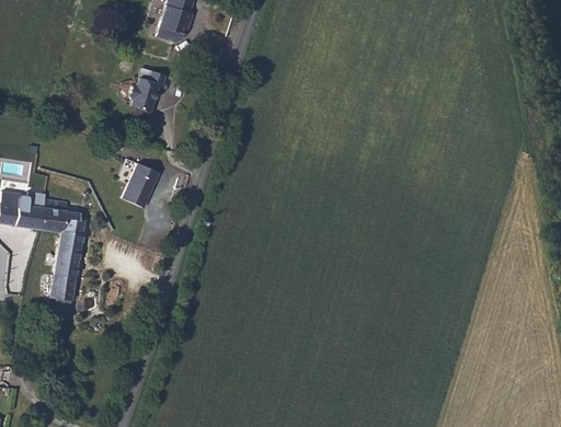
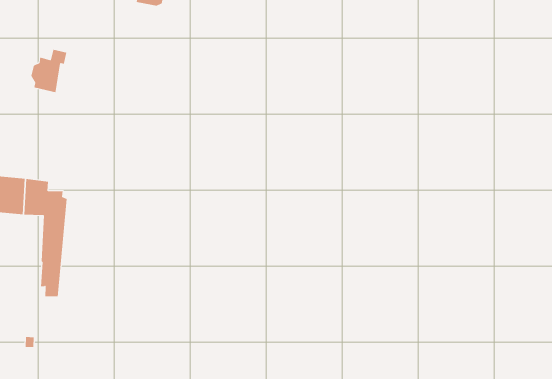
building: [127,69,163,111] -> [30,49,67,93]
building: [125,164,158,207] -> none

